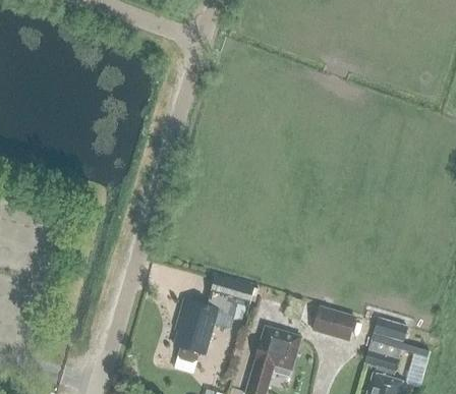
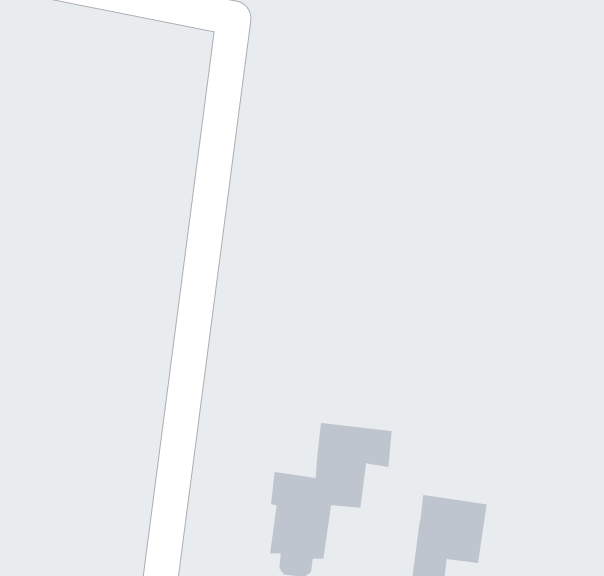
building: [311,304,356,340] -> none

